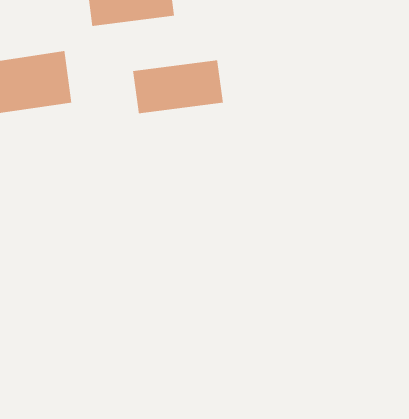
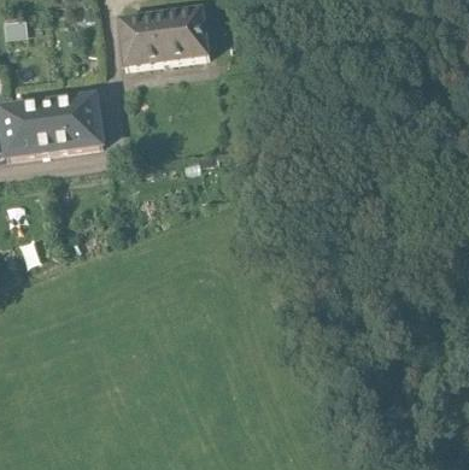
building: [133,60,223,114] -> none

